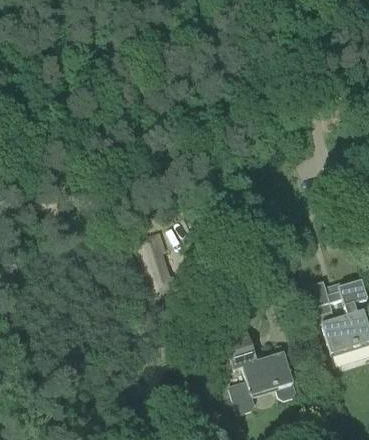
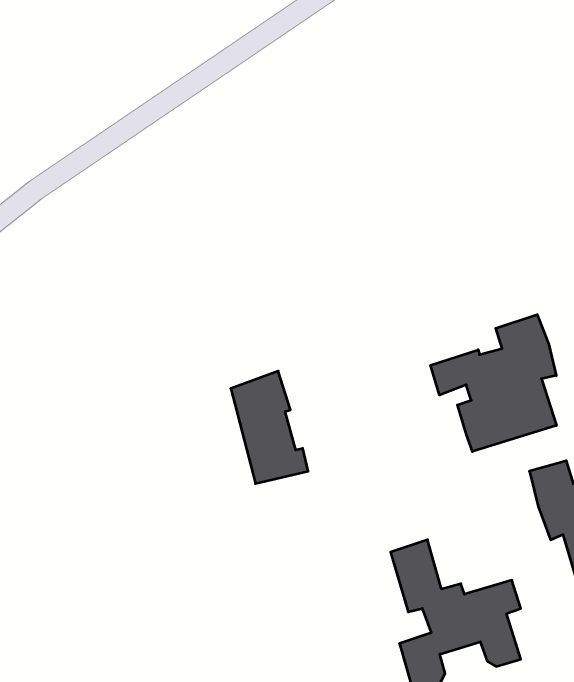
building: none -> [431,315,556,452]

